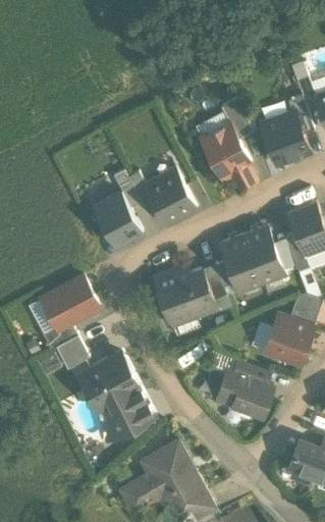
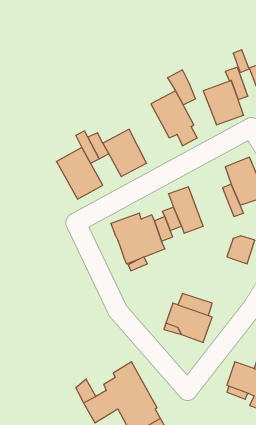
building: [243,227,283,282] -> none
building: [40,275,102,334] -> none
building: [264,314,312,365] -> none
building: [54,336,88,370] -> none
building: [73,348,158,447] -> none

